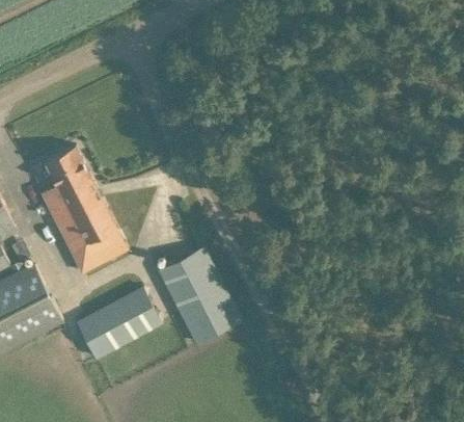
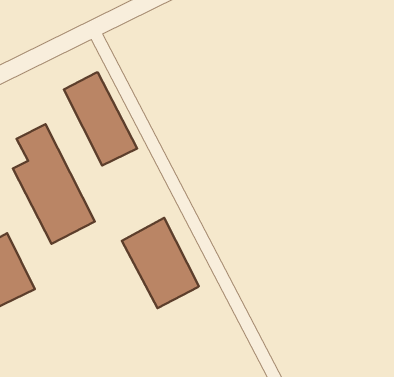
building: none -> [64,73,137,165]
building: [75,286,161,359] -> none

